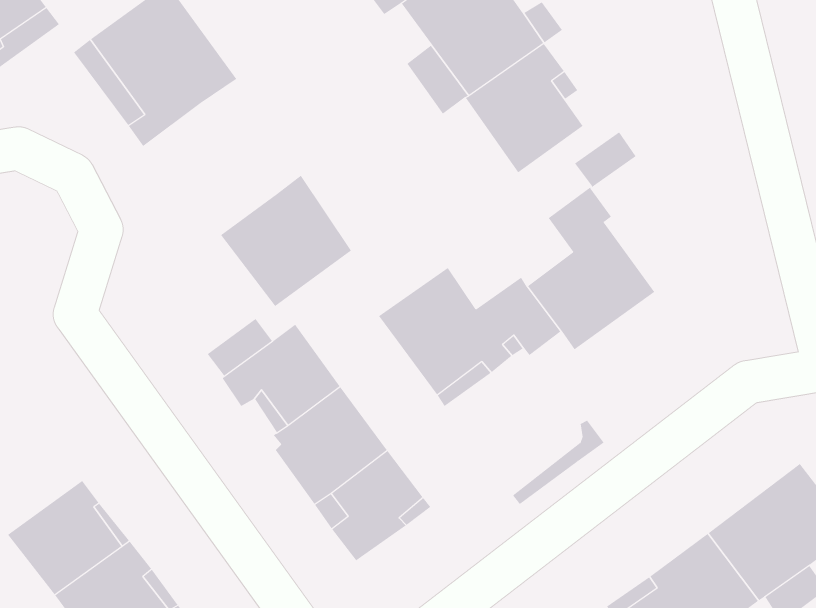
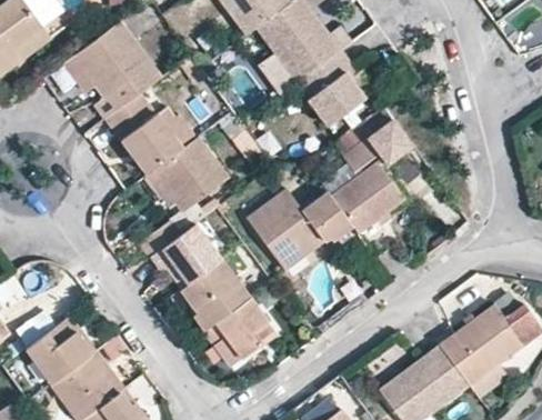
building: none -> [104,92,183,173]
building: none -> [369,123,414,168]

